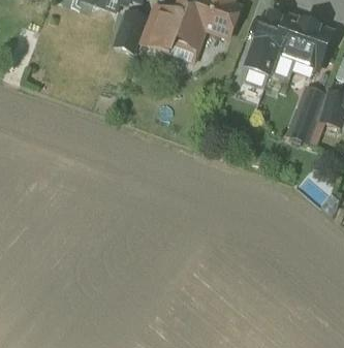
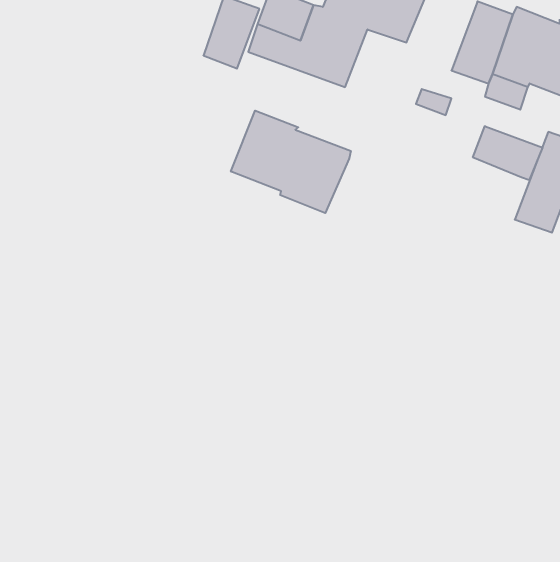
building: none -> [231,111,351,213]
building: none -> [473,126,542,180]

